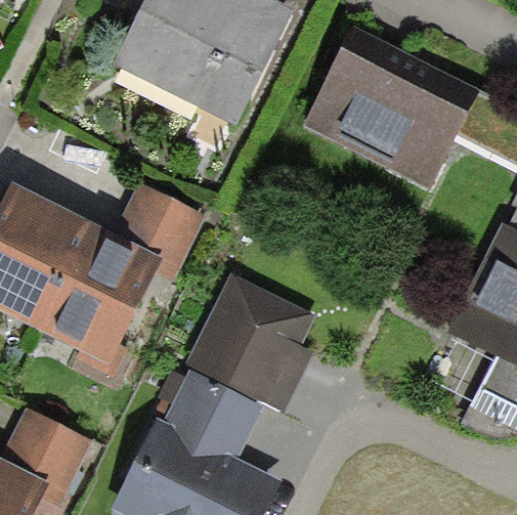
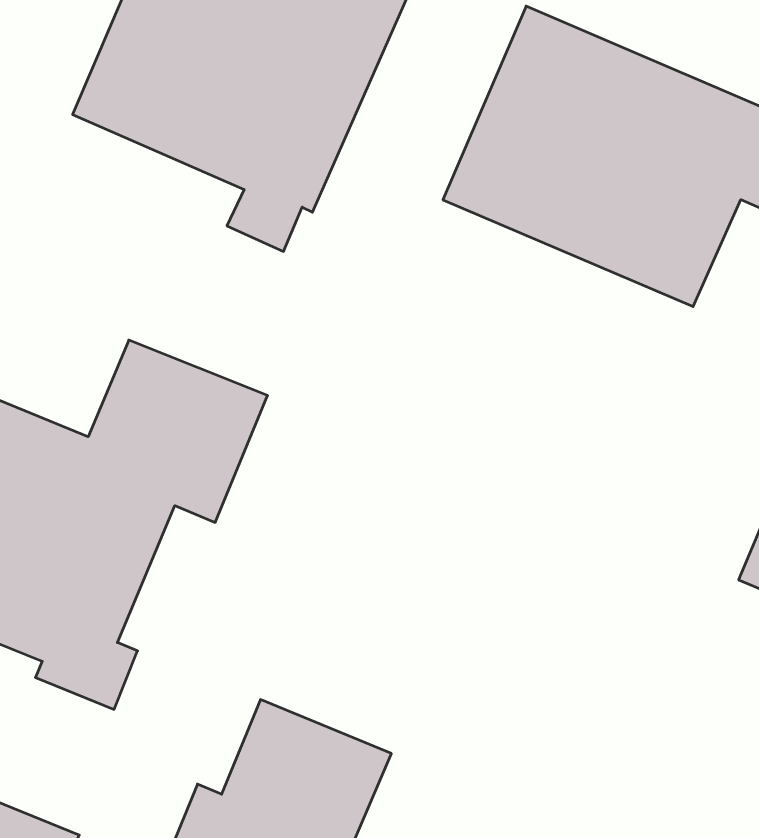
building: [188,273,316,412] -> none

